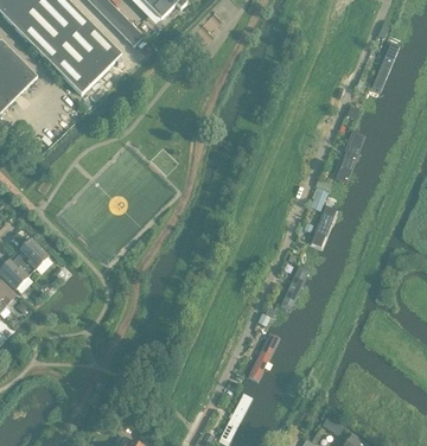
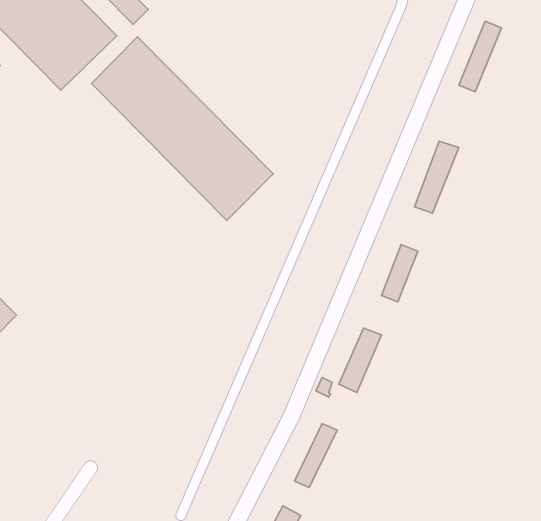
building: none -> [91,37,273,221]

